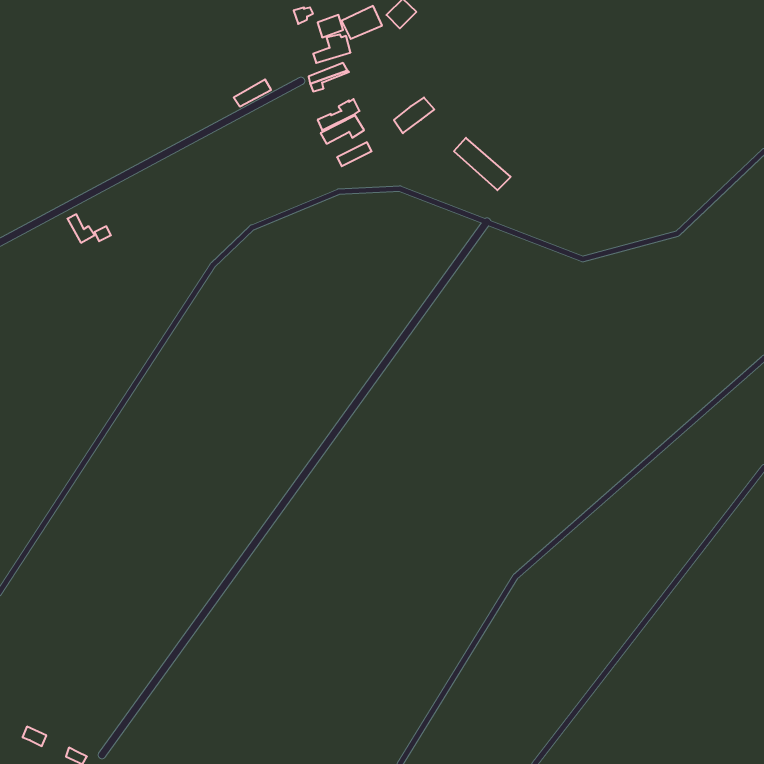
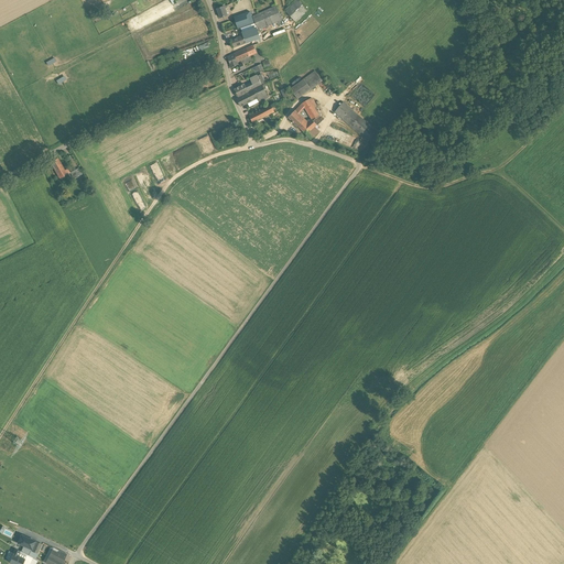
building: none -> [288,99,318,138]

